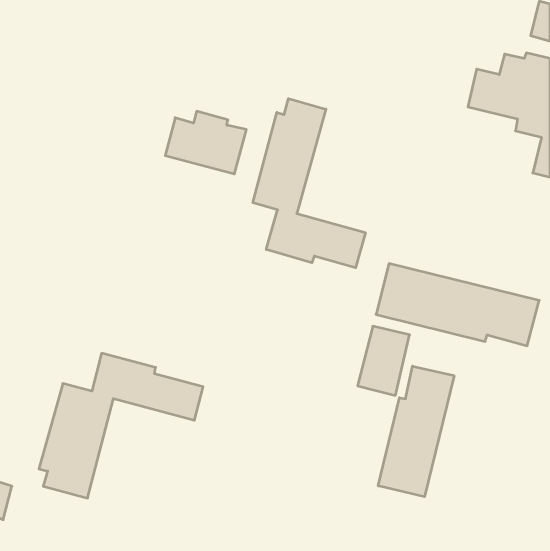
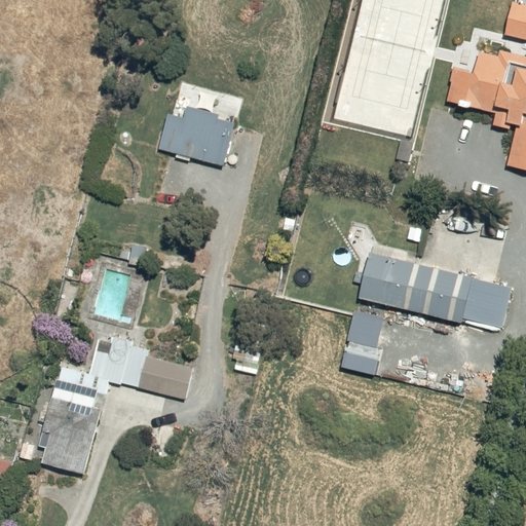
building: [253,99,365,268] -> none
building: [378,366,454,497] -> none

